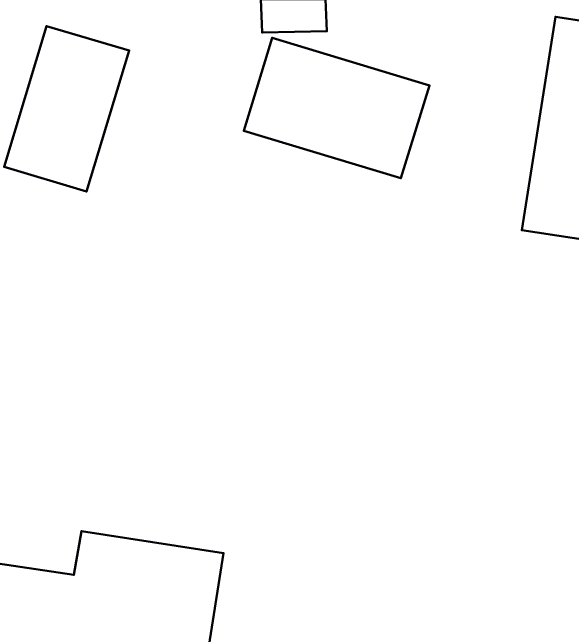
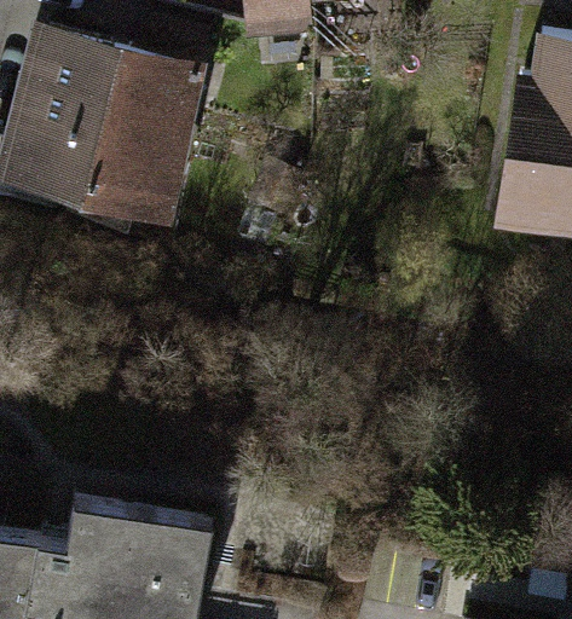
building: [244,38,429,178] -> none
building: none -> [83,58,201,213]

